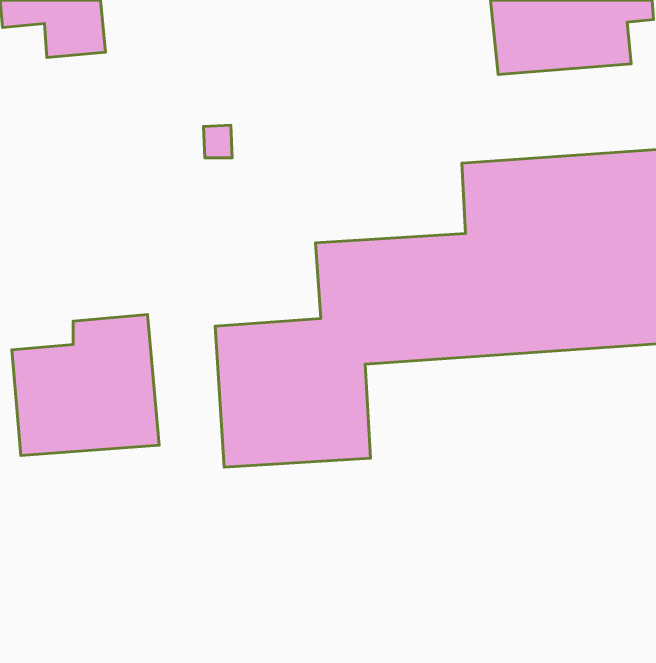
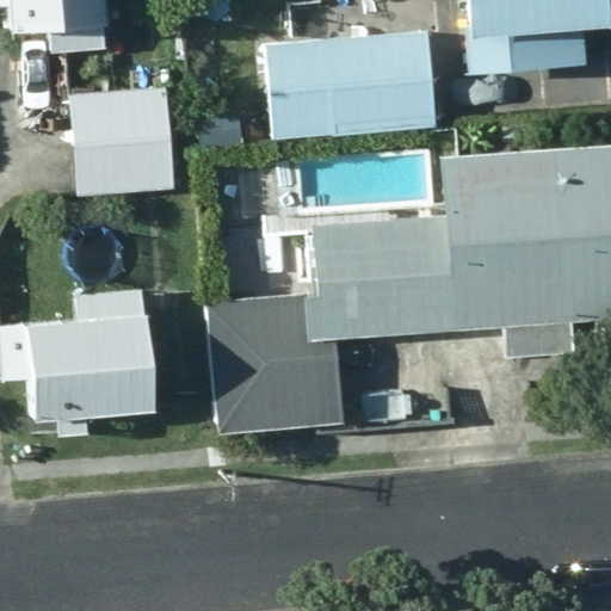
building: none -> [265,30,437,141]
building: none -> [69,90,178,197]

